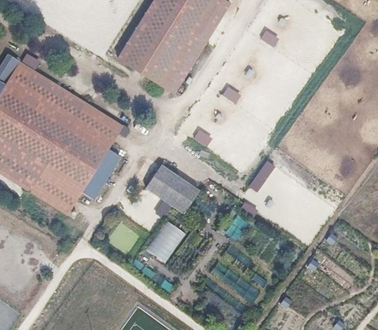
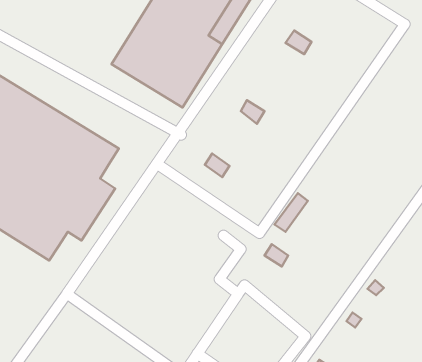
building: [146,165,199,213] -> none
building: [144,219,185,264] -> none

